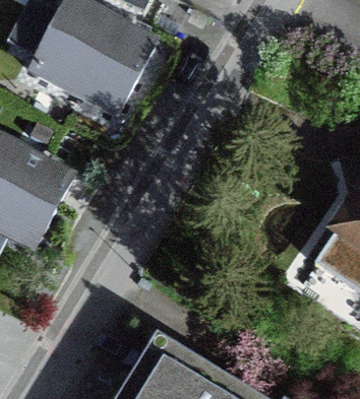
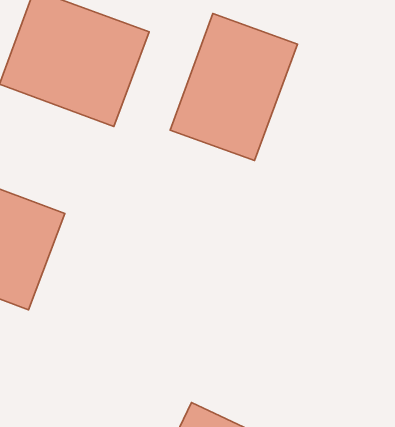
building: none -> [170,14,297,161]

